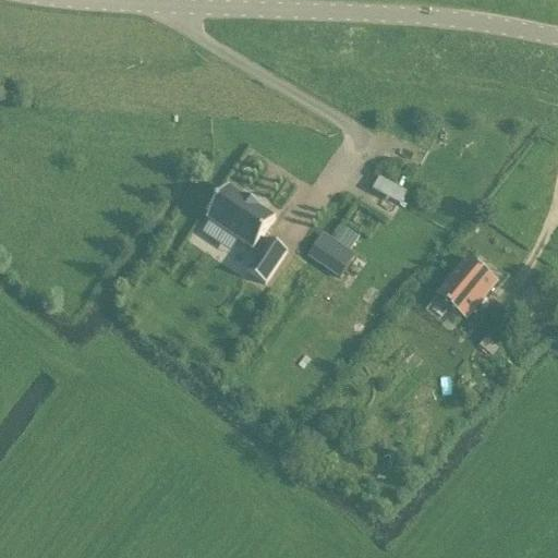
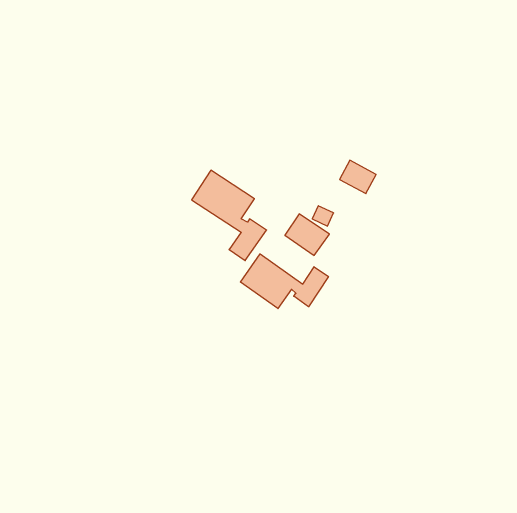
building: [436,255,497,318] -> none
building: none -> [240,254,328,309]

